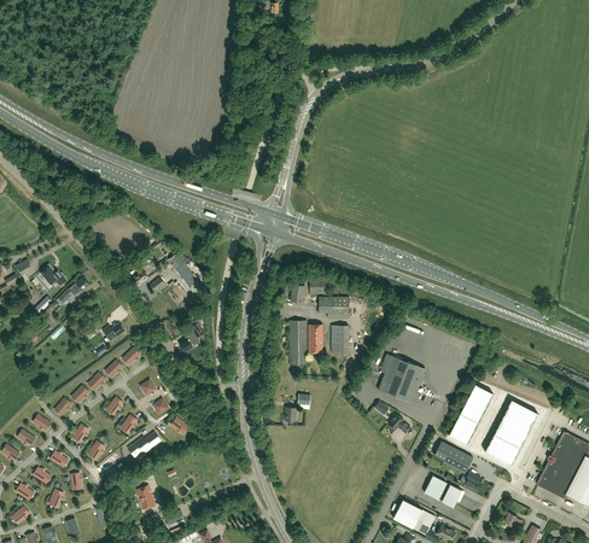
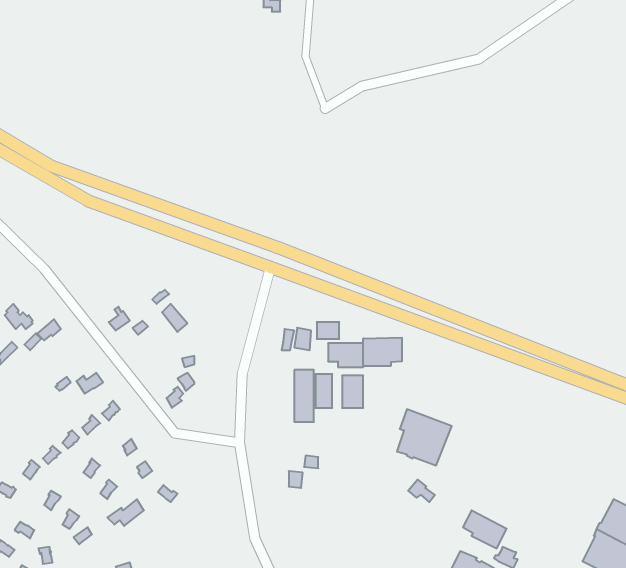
building: none -> [363,338,402,366]
building: [449,385,492,445] -> none
building: [485,401,537,466] -> none

